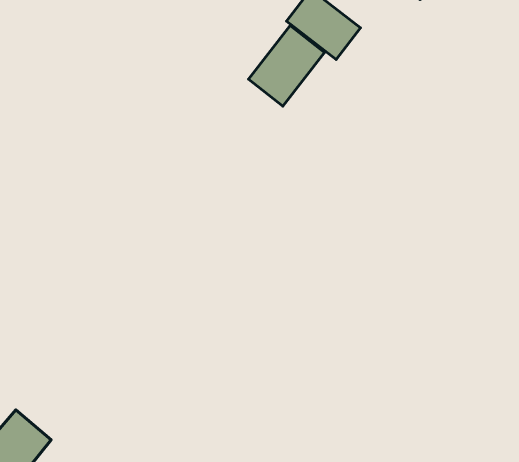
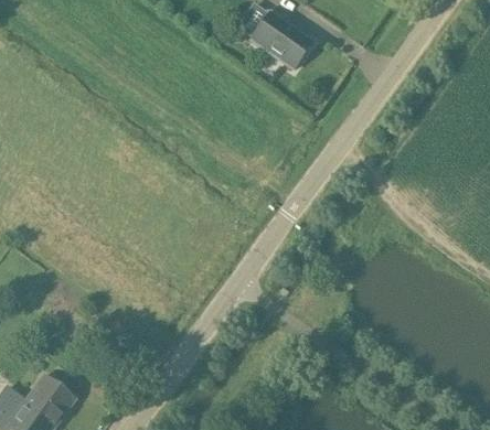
building: [249,26,324,106] -> none

